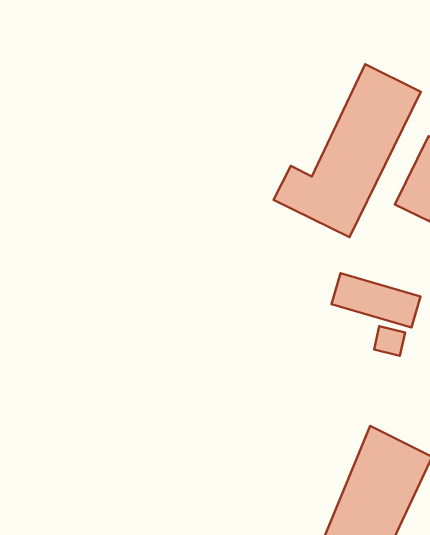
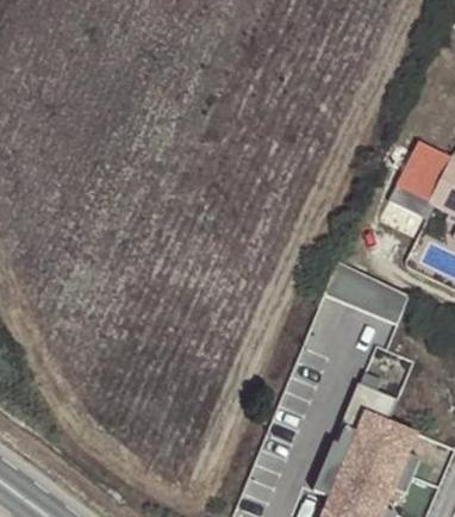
building: [274,64,421,237] -> none

